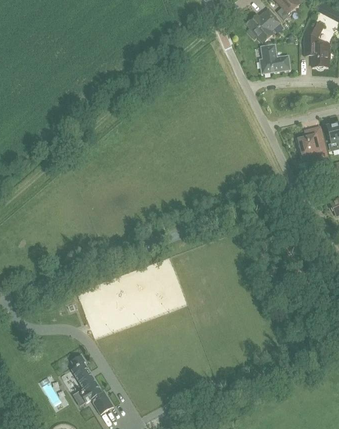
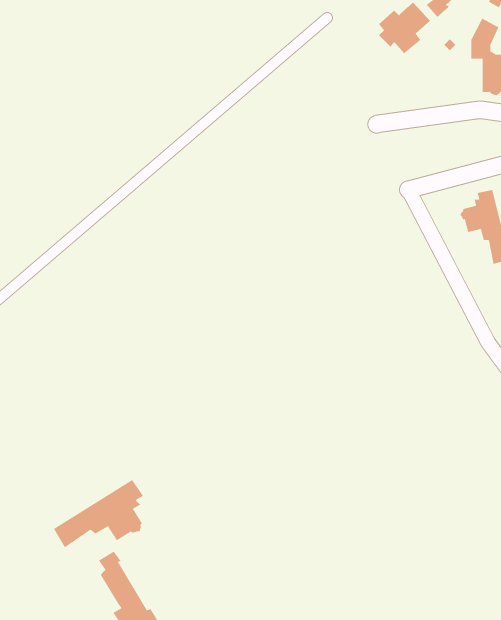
building: [259,44,289,72] -> none
building: none -> [53,479,144,548]

